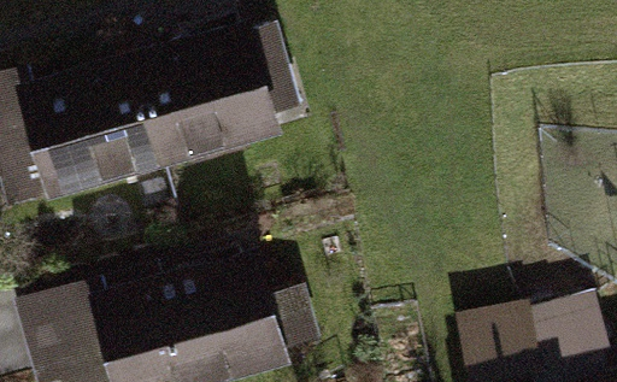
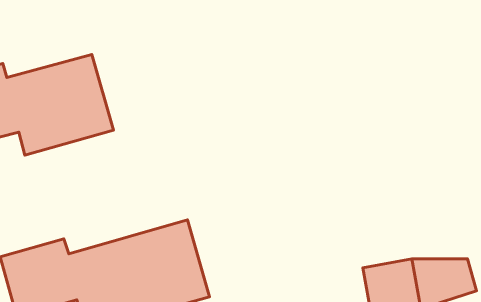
building: [136,40,282,163] -> none

